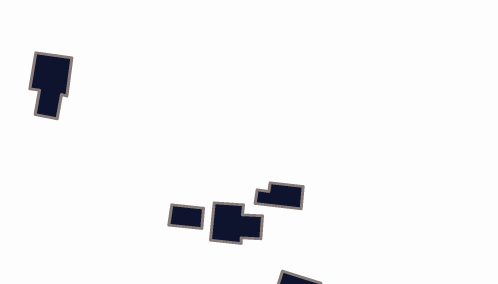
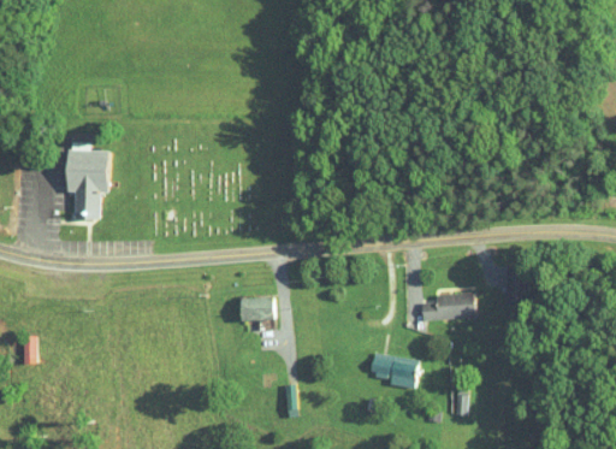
building: [255,183,303,209] -> [422,293,474,319]
building: [210,203,262,243] -> none

